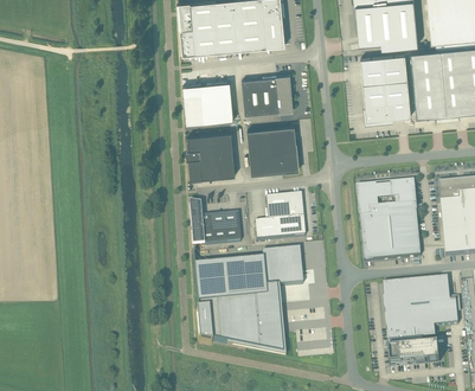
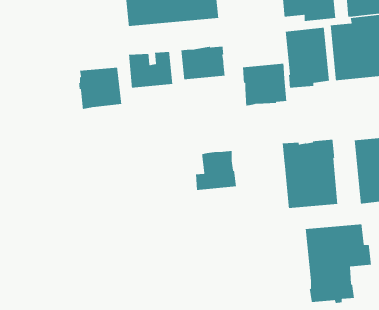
building: [248,127,299,177] -> [242,63,287,107]
building: [186,134,236,182] -> [78,67,122,110]
building: [188,199,240,248] -> none
building: [194,250,302,357] -> none

